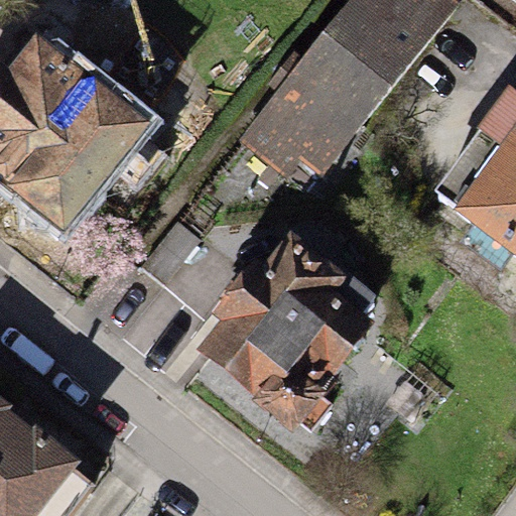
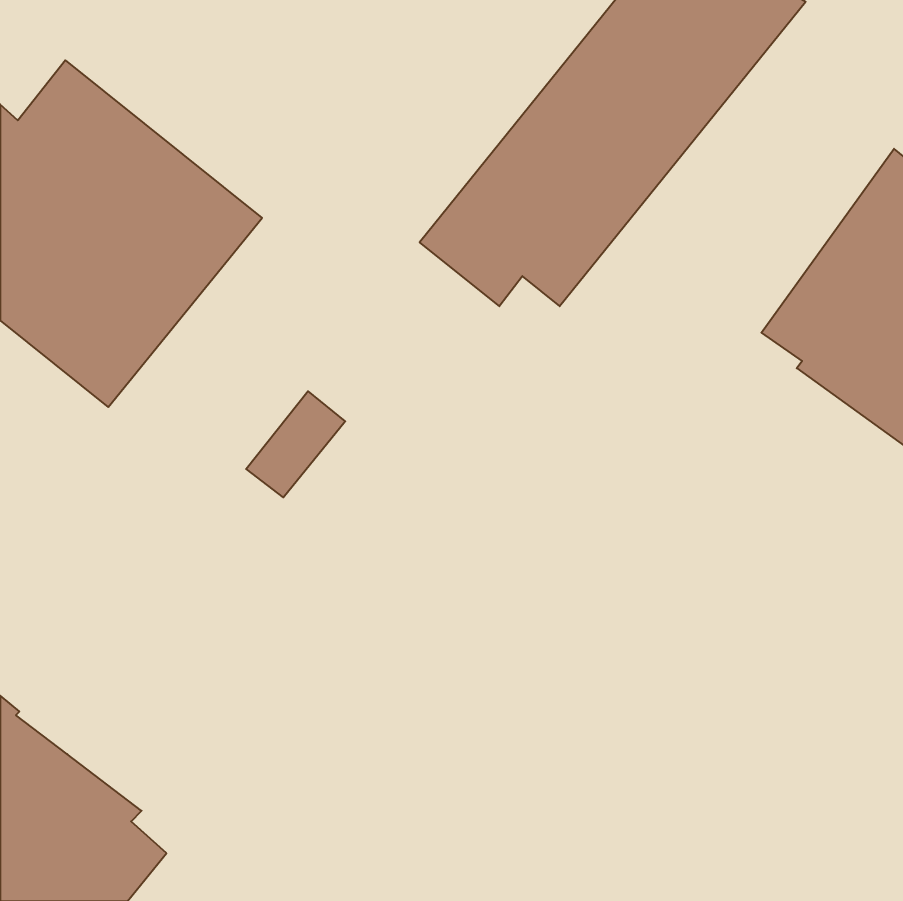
building: [198,230,375,433] -> none

